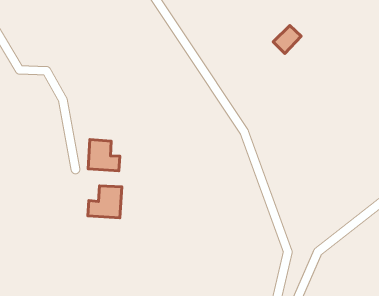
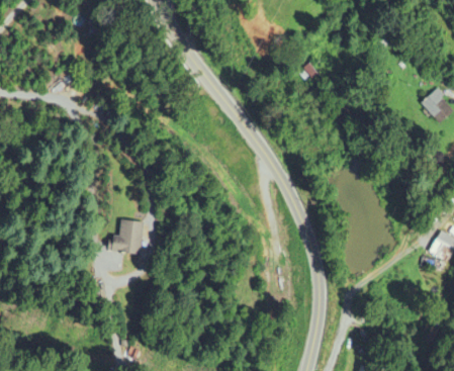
building: [88,139,120,171] -> none

